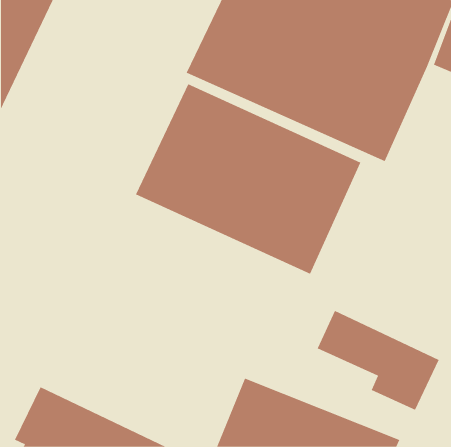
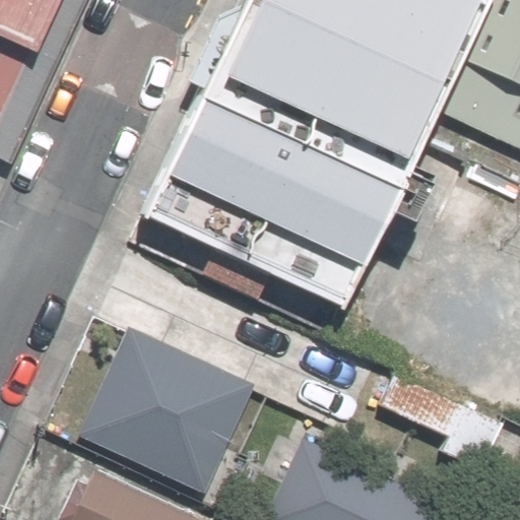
building: none -> [59,324,246,495]

